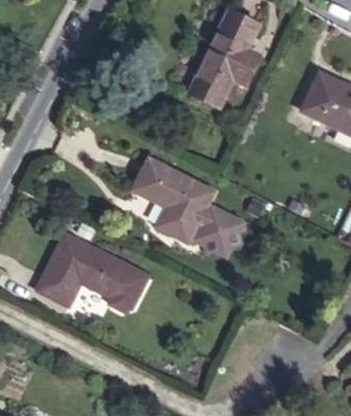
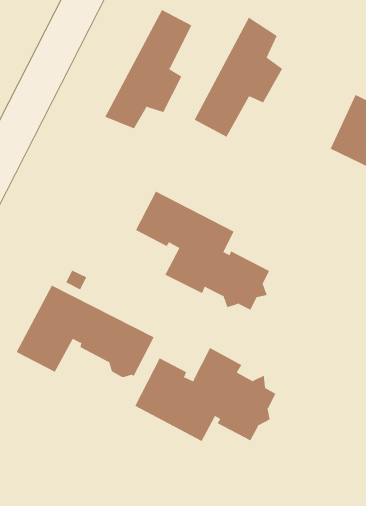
building: none -> [105,9,192,129]
building: none -> [134,347,276,442]

